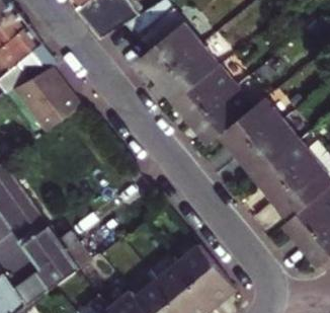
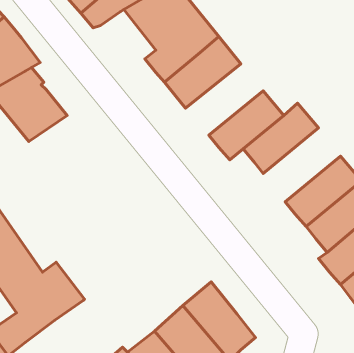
building: [176,64,240,123] -> none
building: [240,116,304,177] -> none

